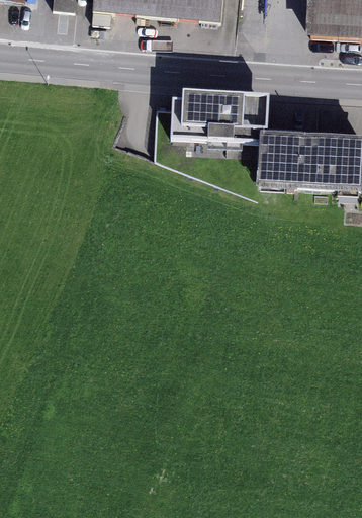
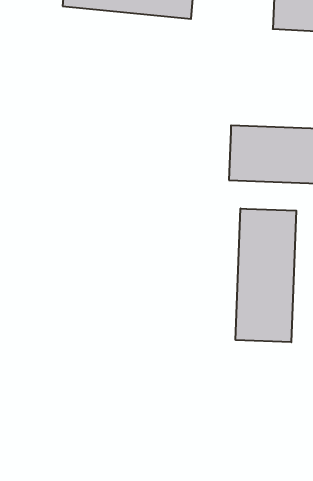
building: [172,90,260,138] -> none
building: none -> [236,208,296,342]

